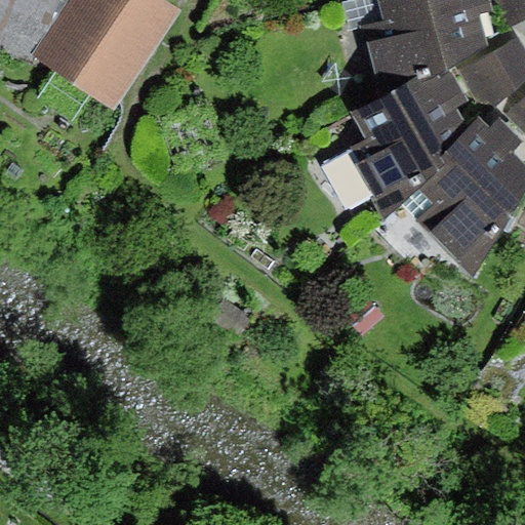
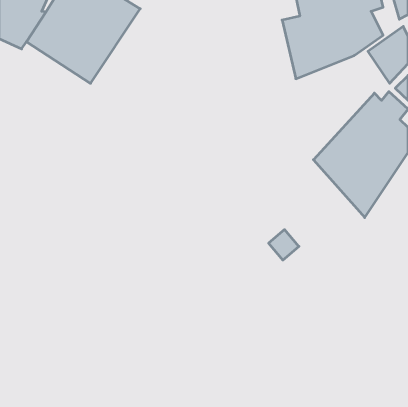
building: [350,71,479,215] -> none

